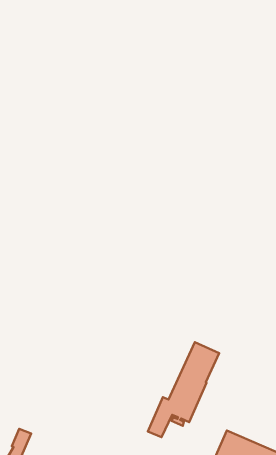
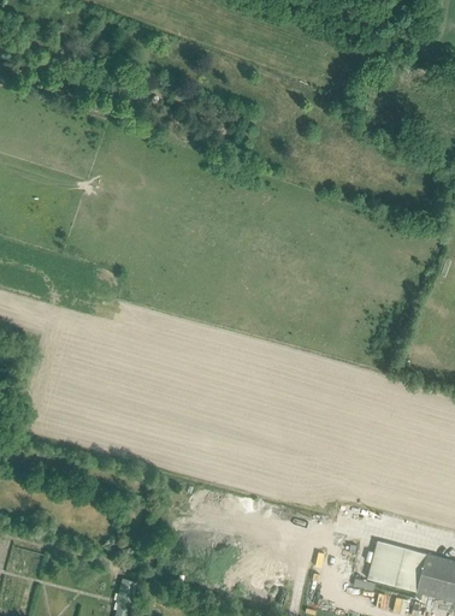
building: [148,342,219,437] -> none

